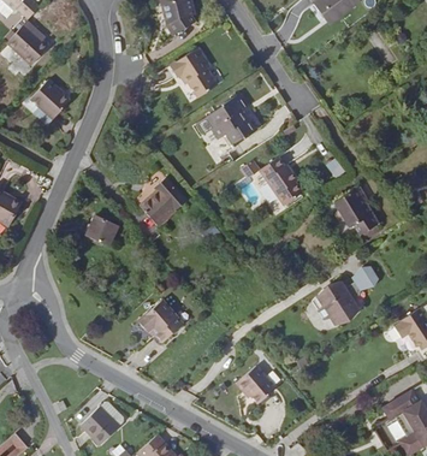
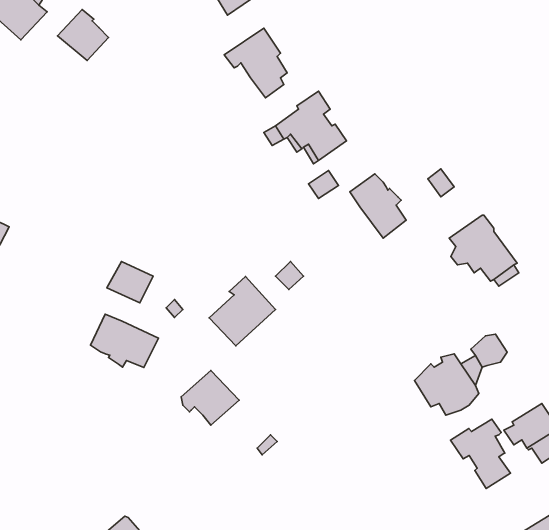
building: [28,72,65,109] -> [57,9,109,61]
building: [143,177,191,227] -> [209,276,275,346]
building: none -> [91,314,159,368]
building: none -> [450,419,511,488]
building: [231,369,272,408] -> none

